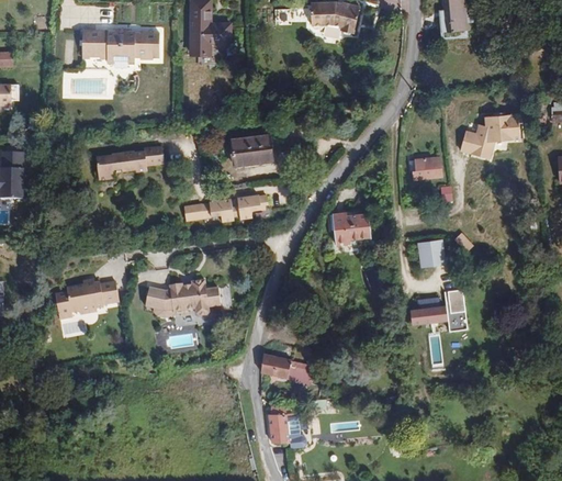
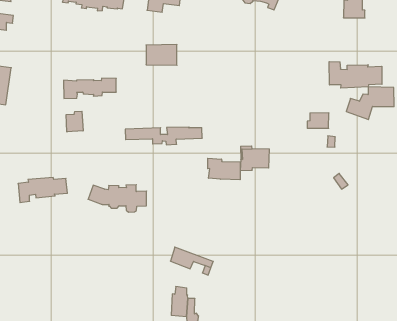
building: none -> [329,62,382,88]
building: [231,134,273,165] -> [146,45,177,65]
building: none -> [66,111,83,132]
building: none -> [208,158,240,180]
building: [422,239,443,264] -> none
building: [411,295,454,324] -> none

